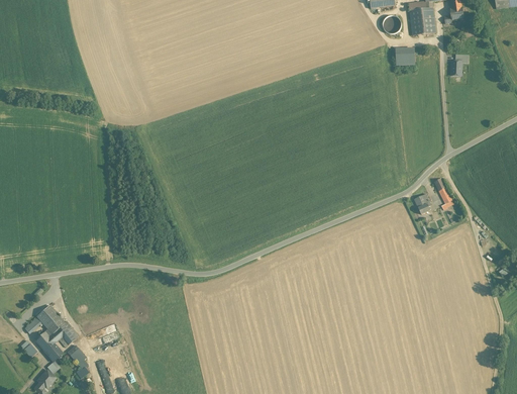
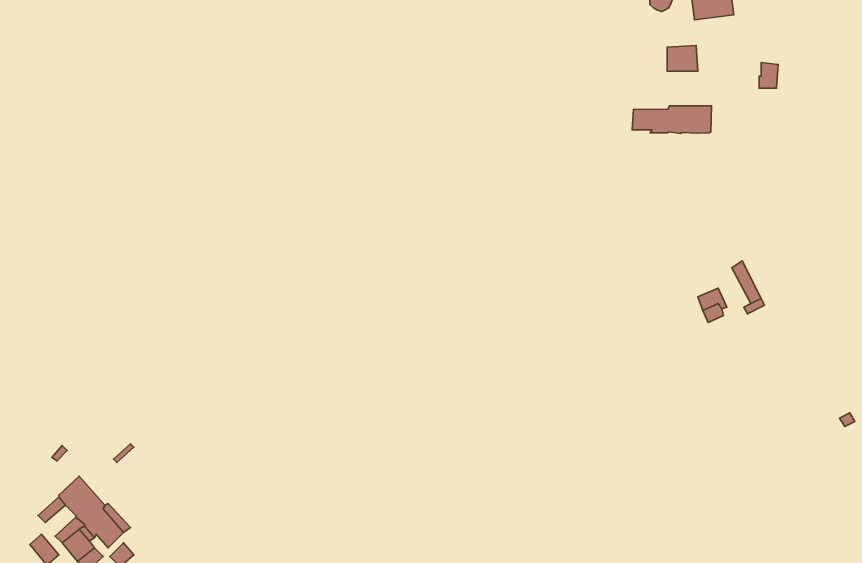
building: none -> [632,106,711,133]

